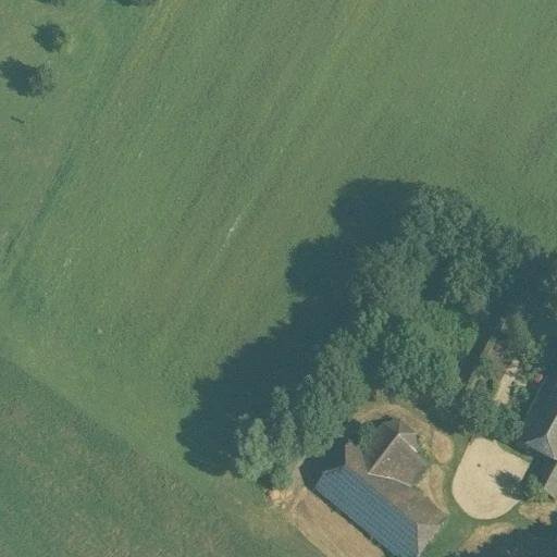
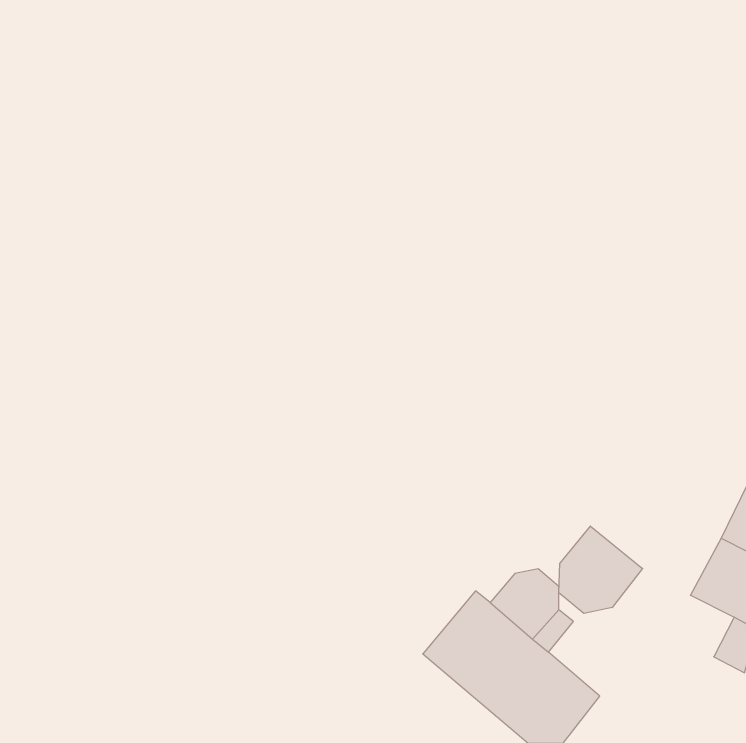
building: none -> [559,526,643,613]

